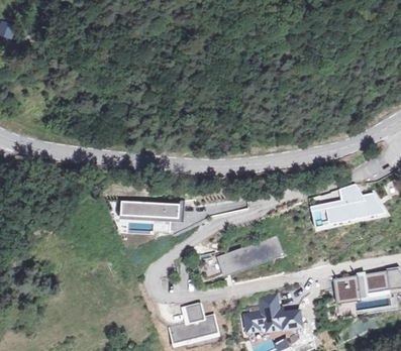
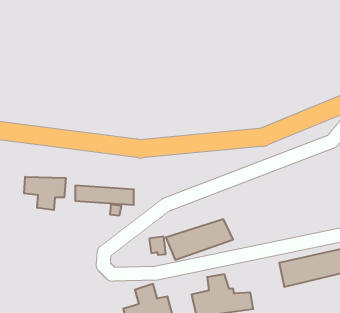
building: [310,185,387,229] -> none
building: none -> [24,177,66,210]

